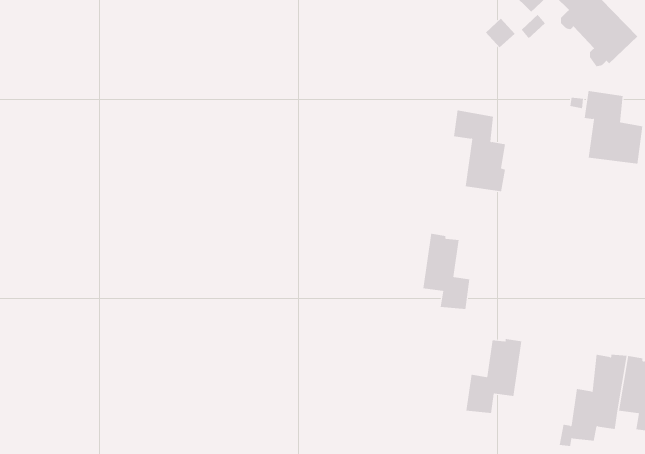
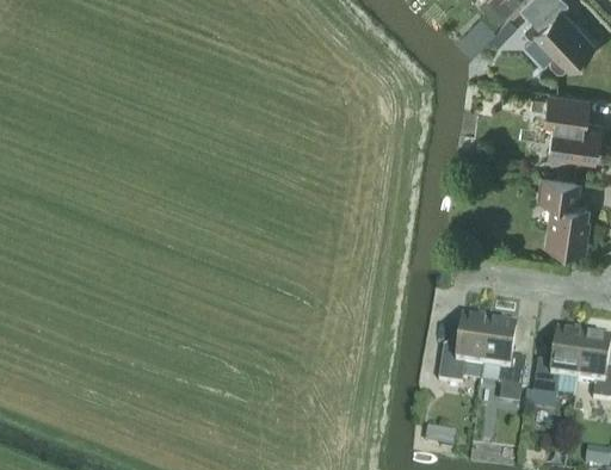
building: [453,110,506,192] -> [537,175,585,249]
building: [423,233,470,310] -> [482,320,525,389]

